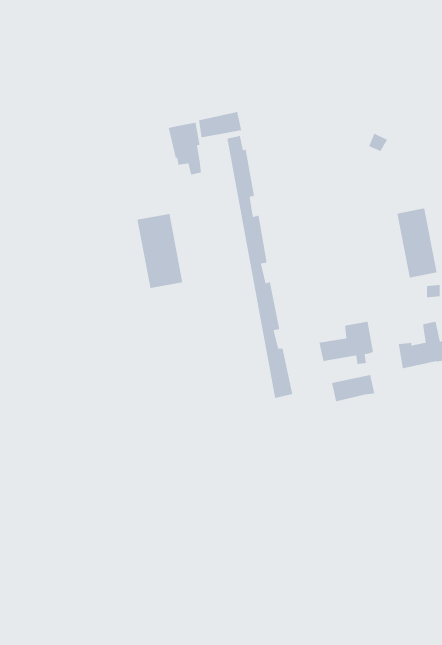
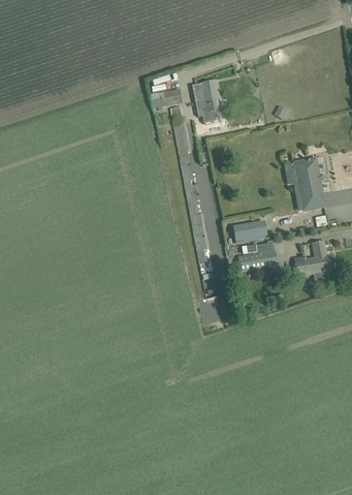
building: [168,122,202,176] -> [194,80,219,119]
building: [137,213,183,289] -> none
building: [331,374,375,402] -> [235,219,267,240]

